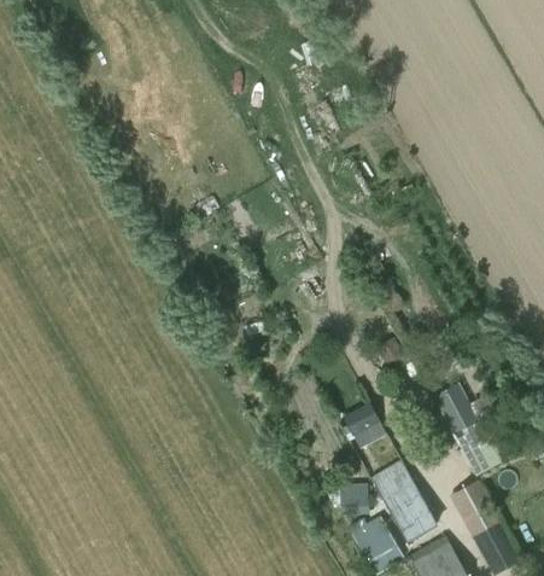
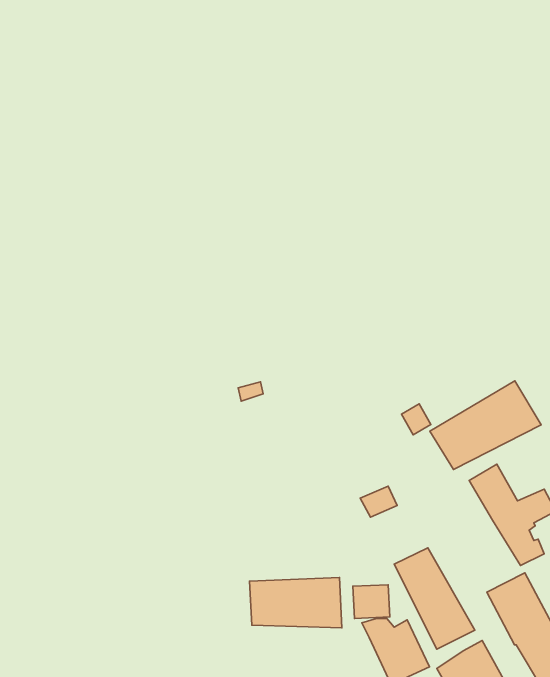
building: none -> [430,381,541,469]
building: none -> [249,577,342,628]

